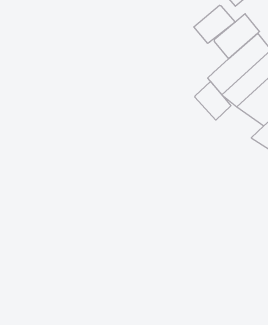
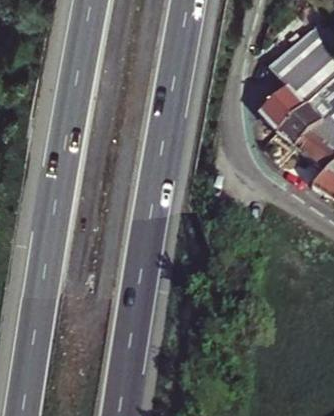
building: [194,5,235,43] -> none
building: [195,82,231,120] -> none

